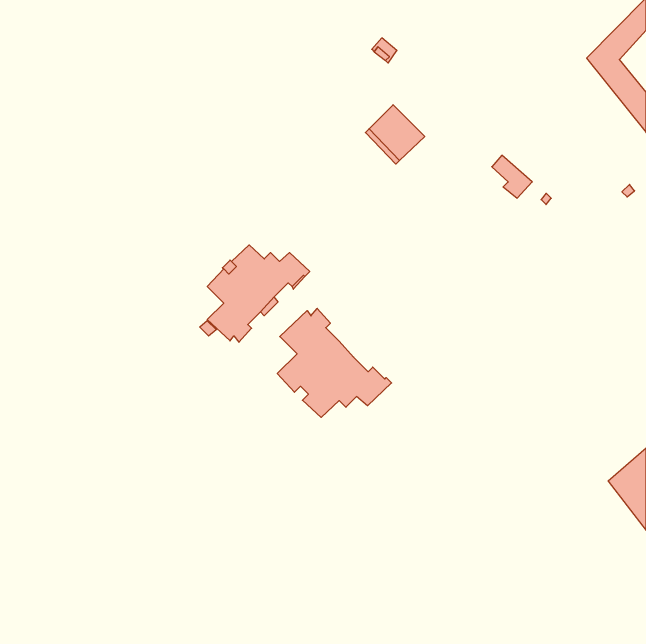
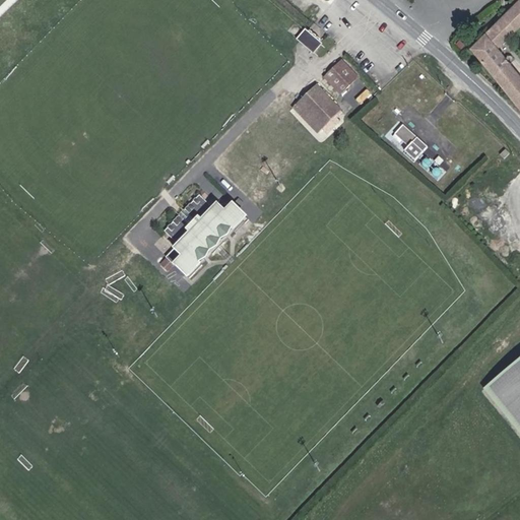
building: none -> [323,59,359,93]
building: [277,308,392,417] -> none

